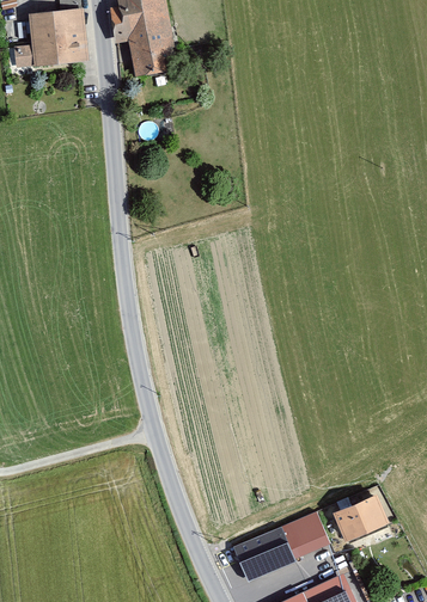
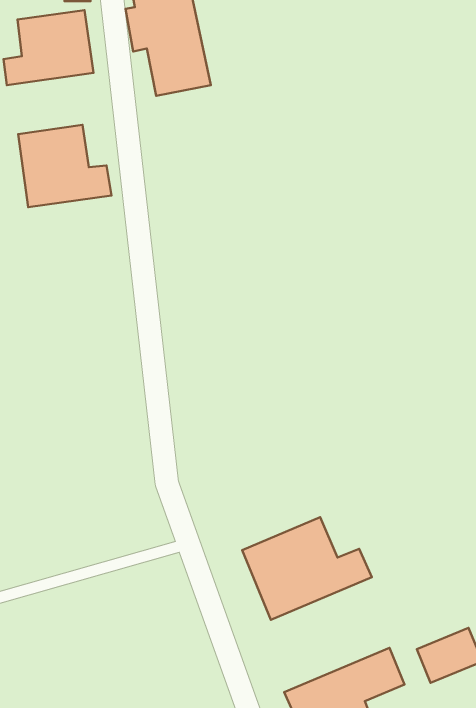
building: none -> [18,125,111,207]
building: none -> [242,517,372,620]

